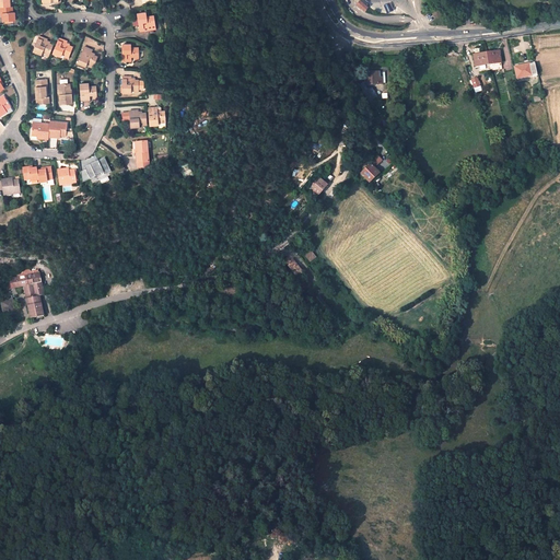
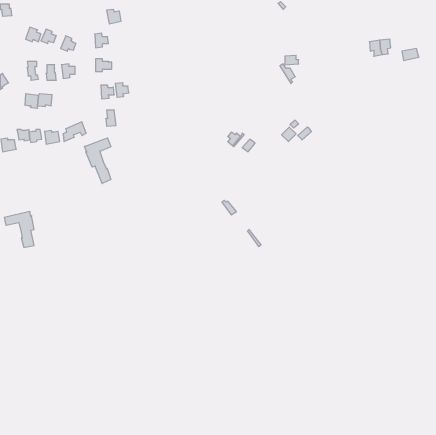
building: none -> [84,138,111,184]

